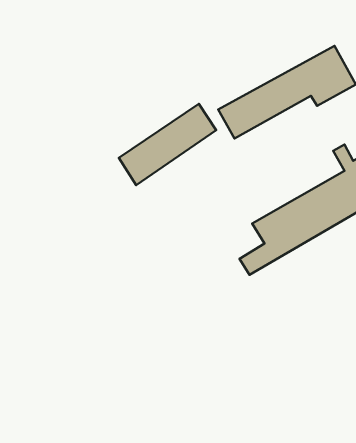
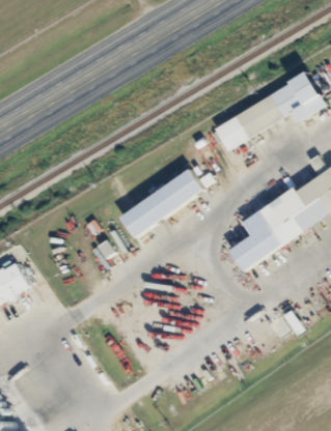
building: [119,104,216,185] -> [122,172,203,239]

